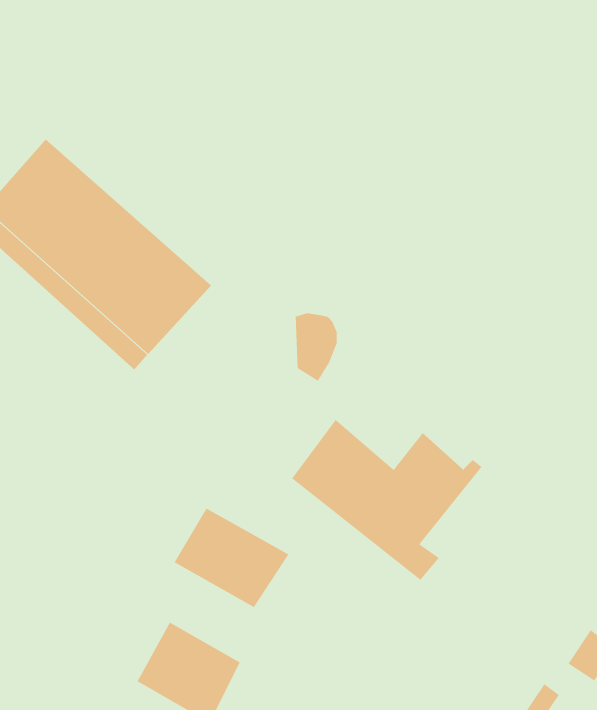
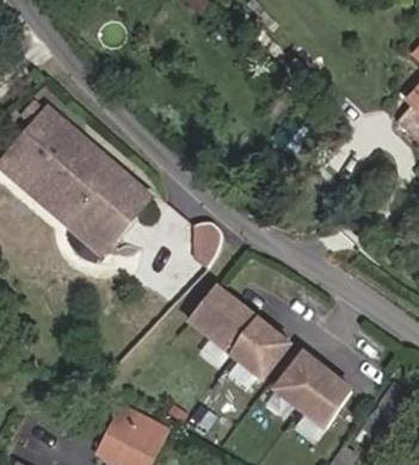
building: [173,507,290,608] -> none
building: none -> [277,353,353,427]

